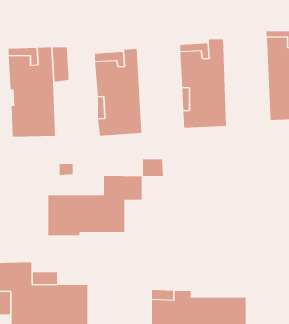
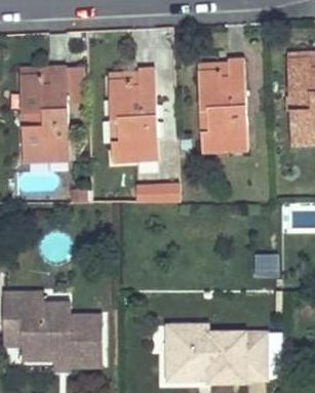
building: [48,175,142,236] -> none

